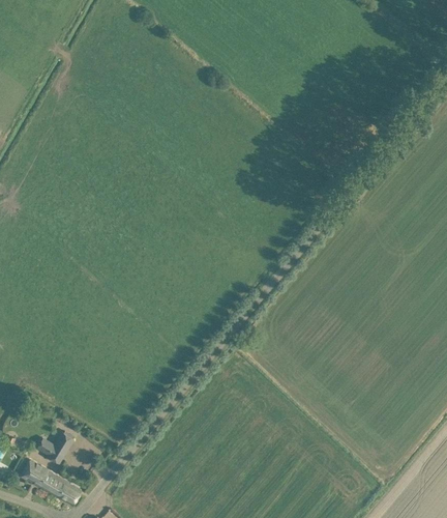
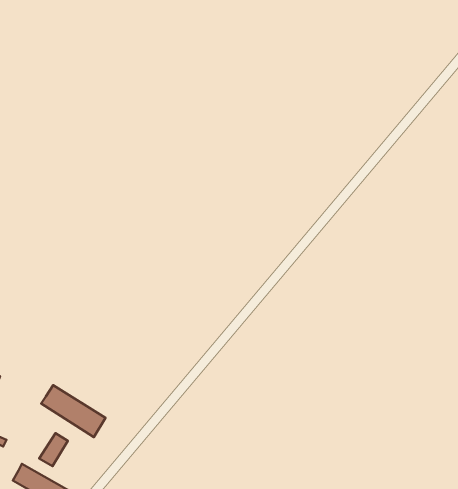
building: none -> [41,385,106,437]

